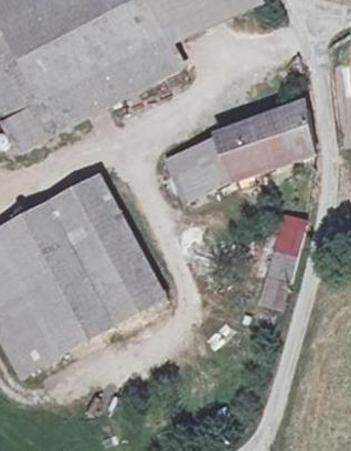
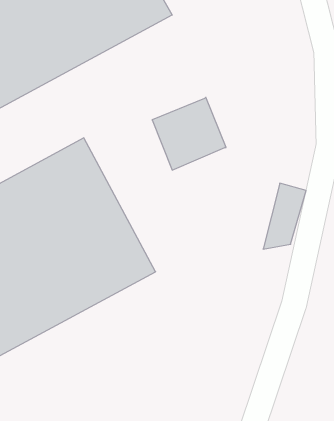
building: [212,101,312,182] -> none

